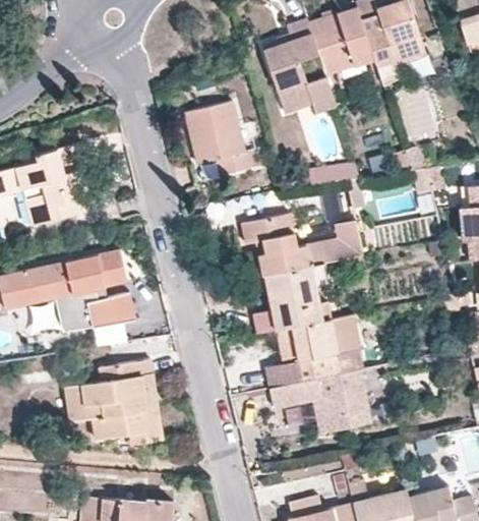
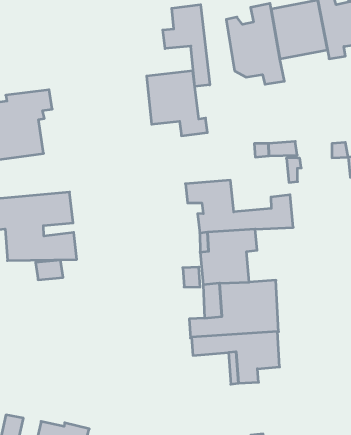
building: none -> [163,5,210,86]
building: [66,359,155,440] -> none

